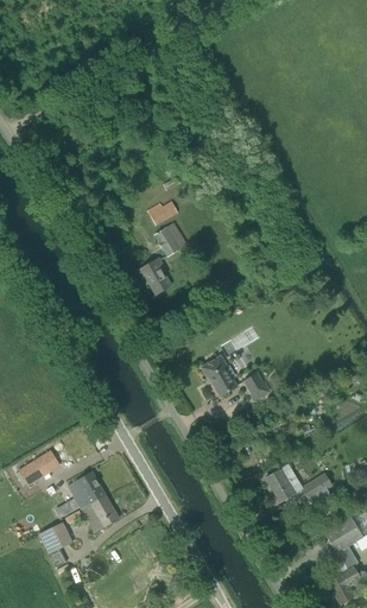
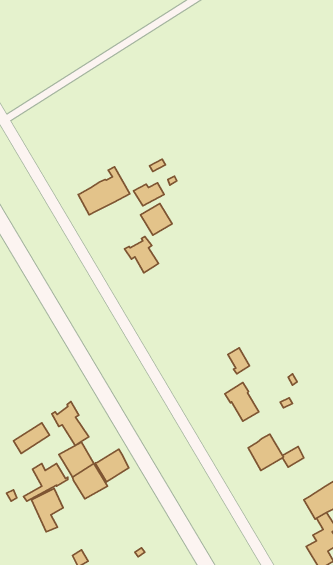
building: none -> [78,167,130,215]
building: [201,355,236,395] -> [225,382,259,421]
building: none -> [52,401,89,446]
building: none -> [96,449,129,482]

